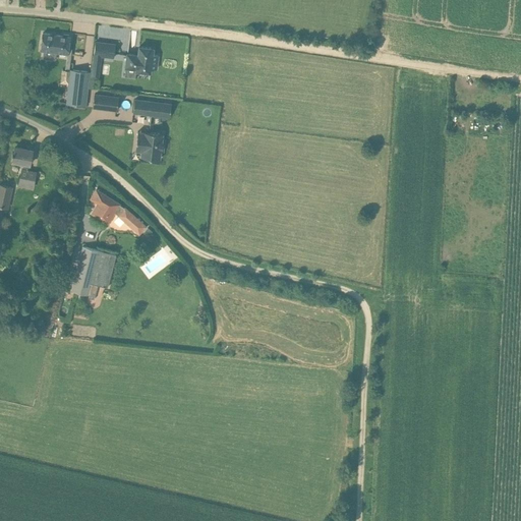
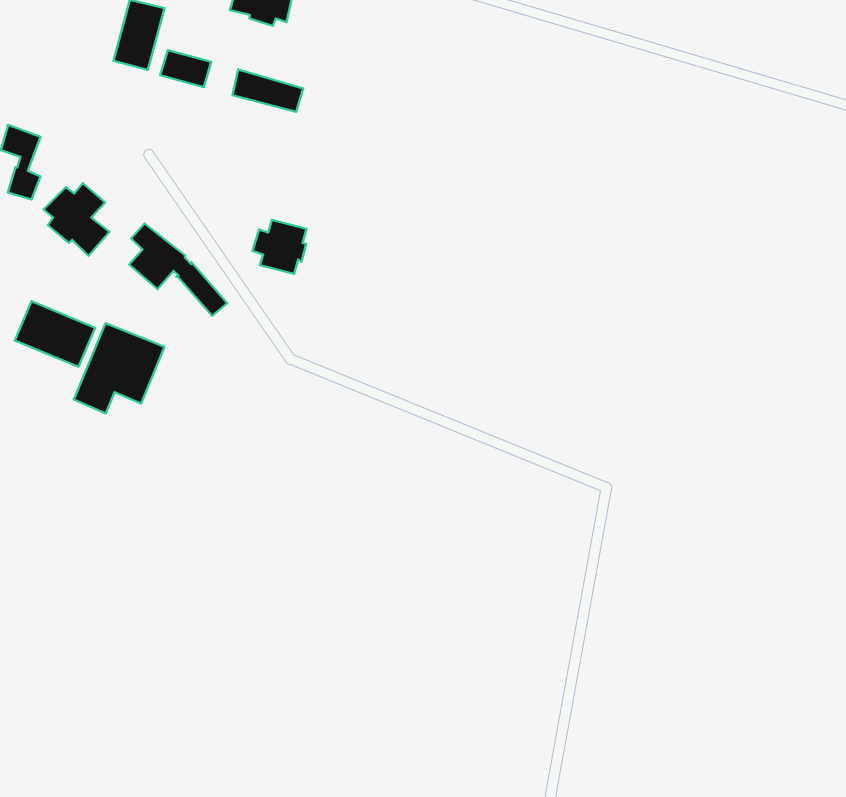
building: [135,132,164,160] -> [252,220,306,274]
building: none -> [44,183,109,256]
building: none -> [15,301,95,367]

